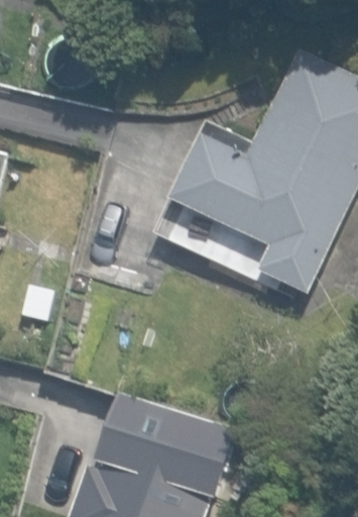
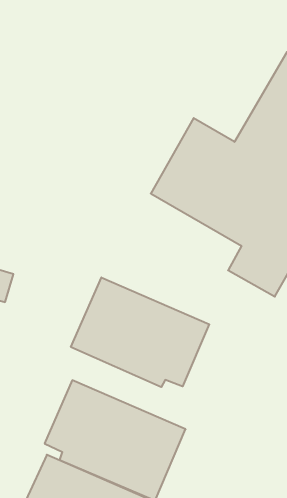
building: none -> [71,277,209,387]

